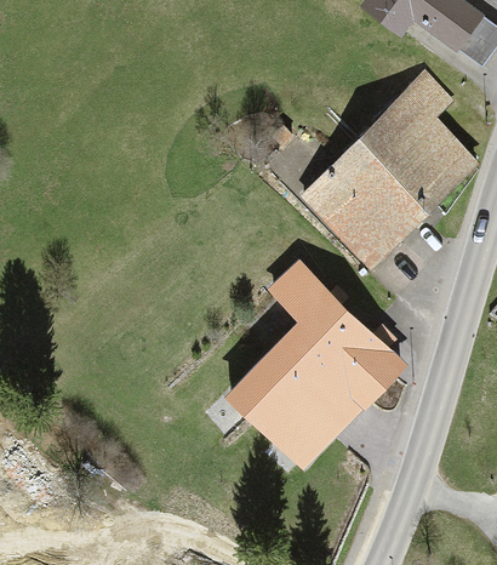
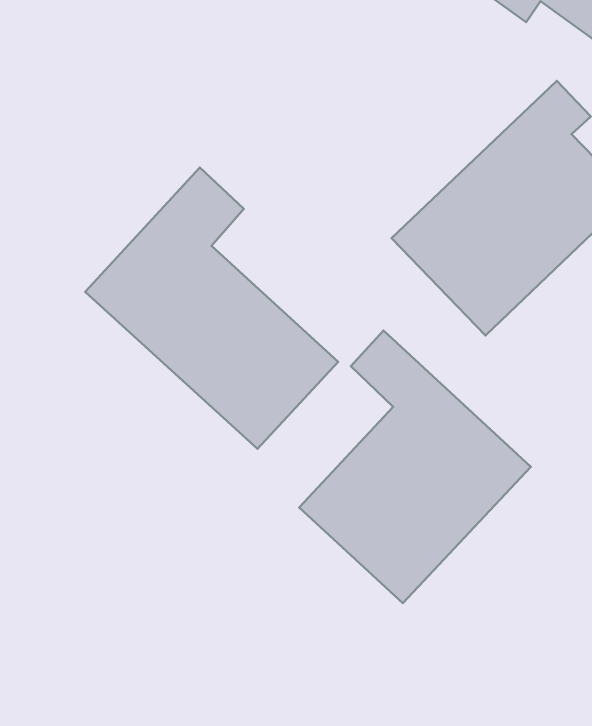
building: none -> [85,168,338,449]

